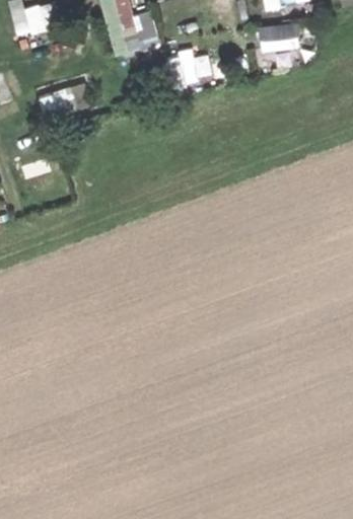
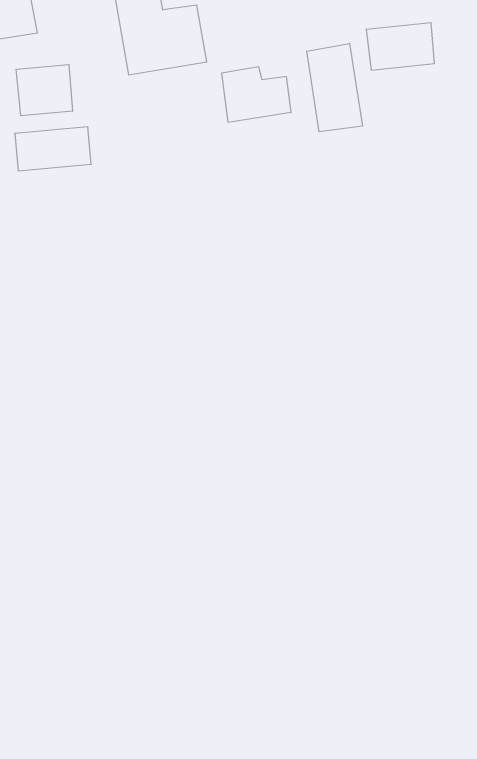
building: none -> [307,43,362,132]
building: none -> [16,64,72,116]

